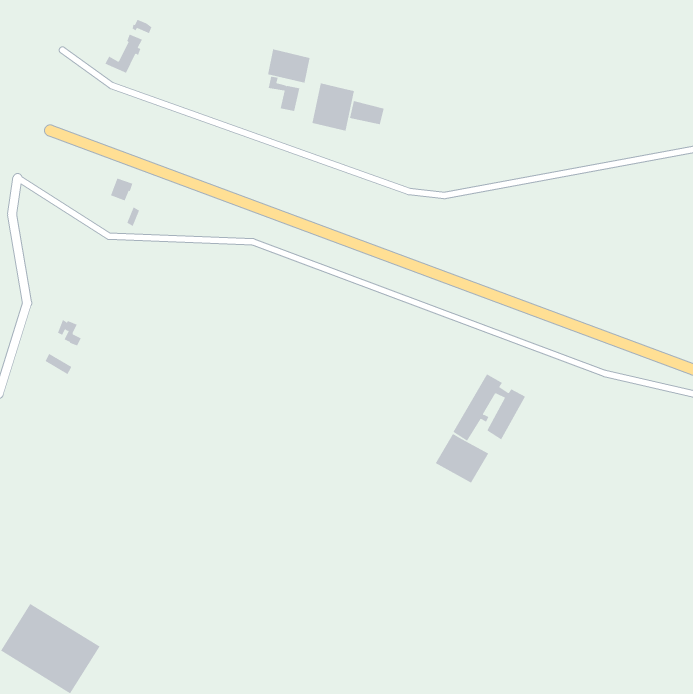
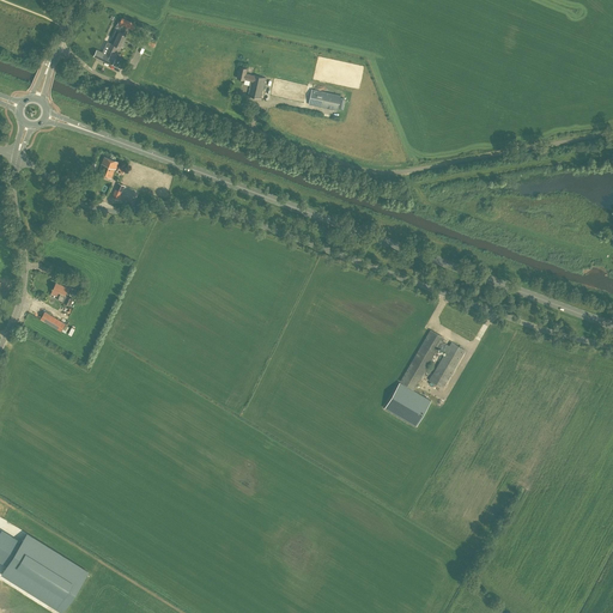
building: [267,49,310,84] -> none
building: [312,83,354,131] -> none

